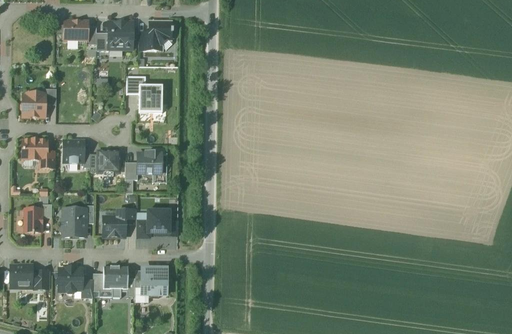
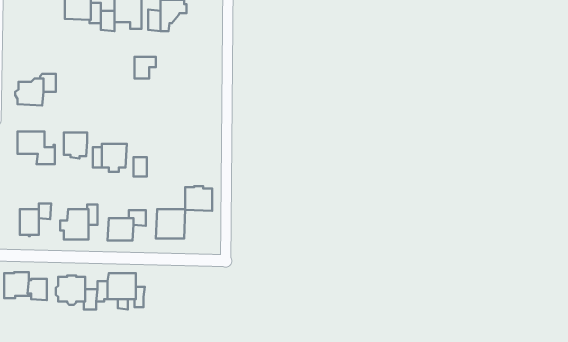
building: [139,82,162,110] -> none
building: [137,151,161,173] -> [185,186,212,211]
building: [140,267,166,296] -> none

